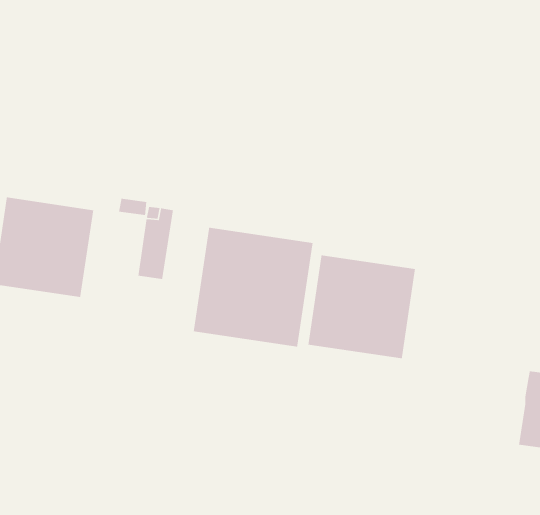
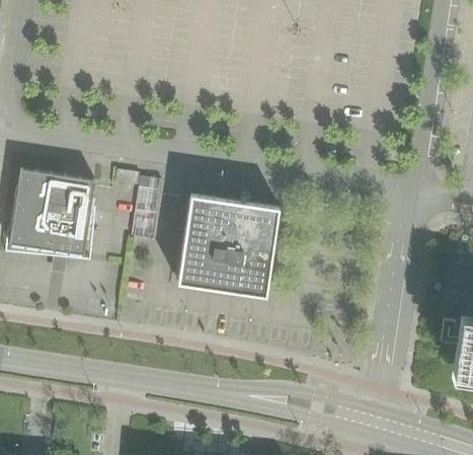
building: [307,254,416,359] -> none

